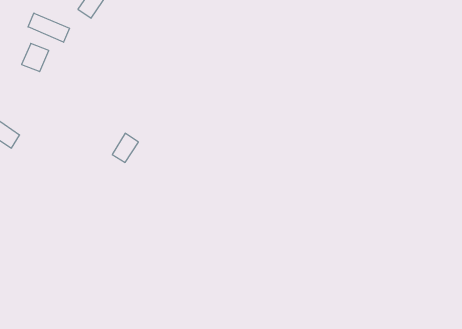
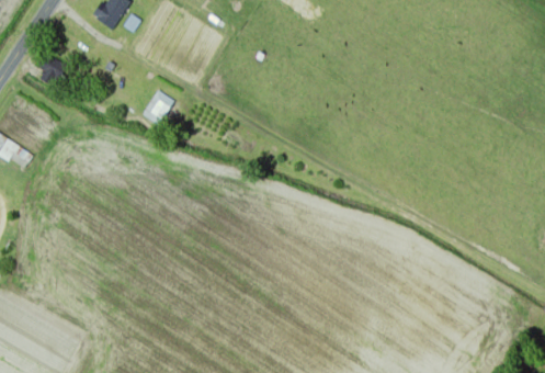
building: [28,13,69,42] -> none
building: [112,133,138,162] -> [144,91,172,123]

